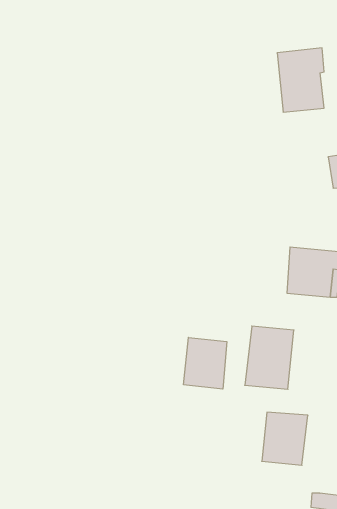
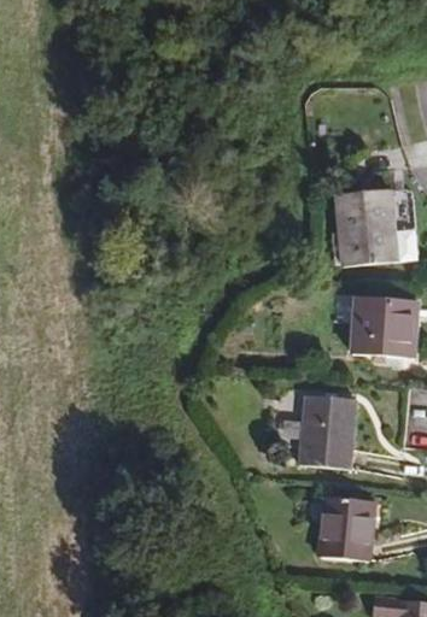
building: [277,48,324,112] -> [339,190,396,268]
building: [184,337,227,389] -> none

